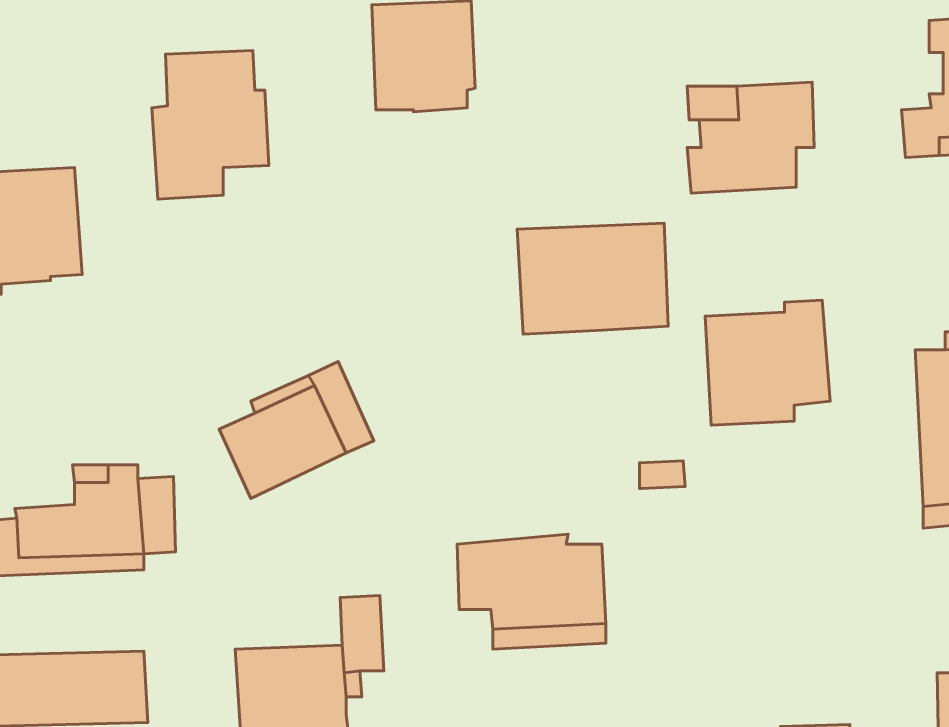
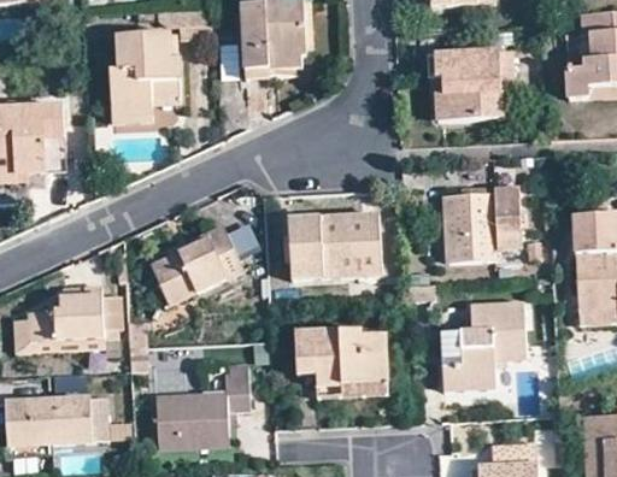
building: [517,223,668,334] -> [288,212,380,279]
building: none -> [441,300,525,388]

